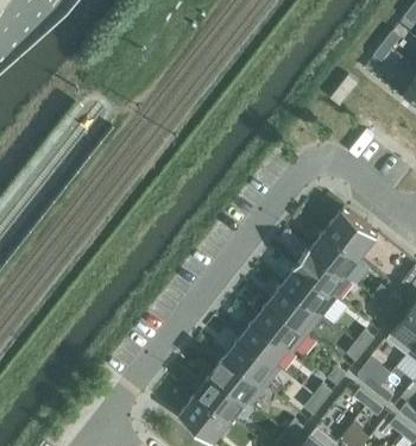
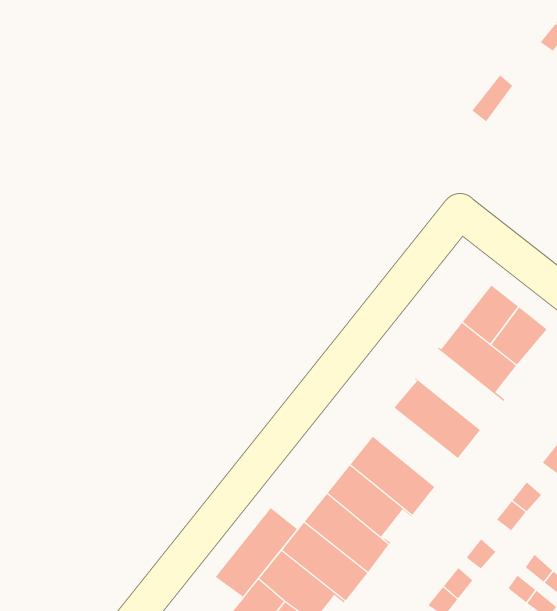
building: [295,247,351,299] -> none
building: [269,284,322,334] -> none
building: none -> [215,507,298,601]

